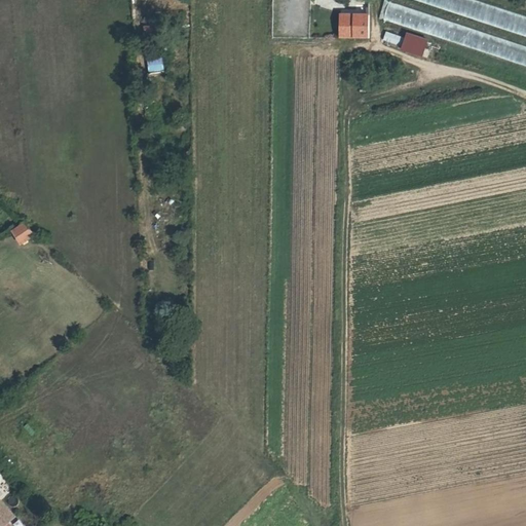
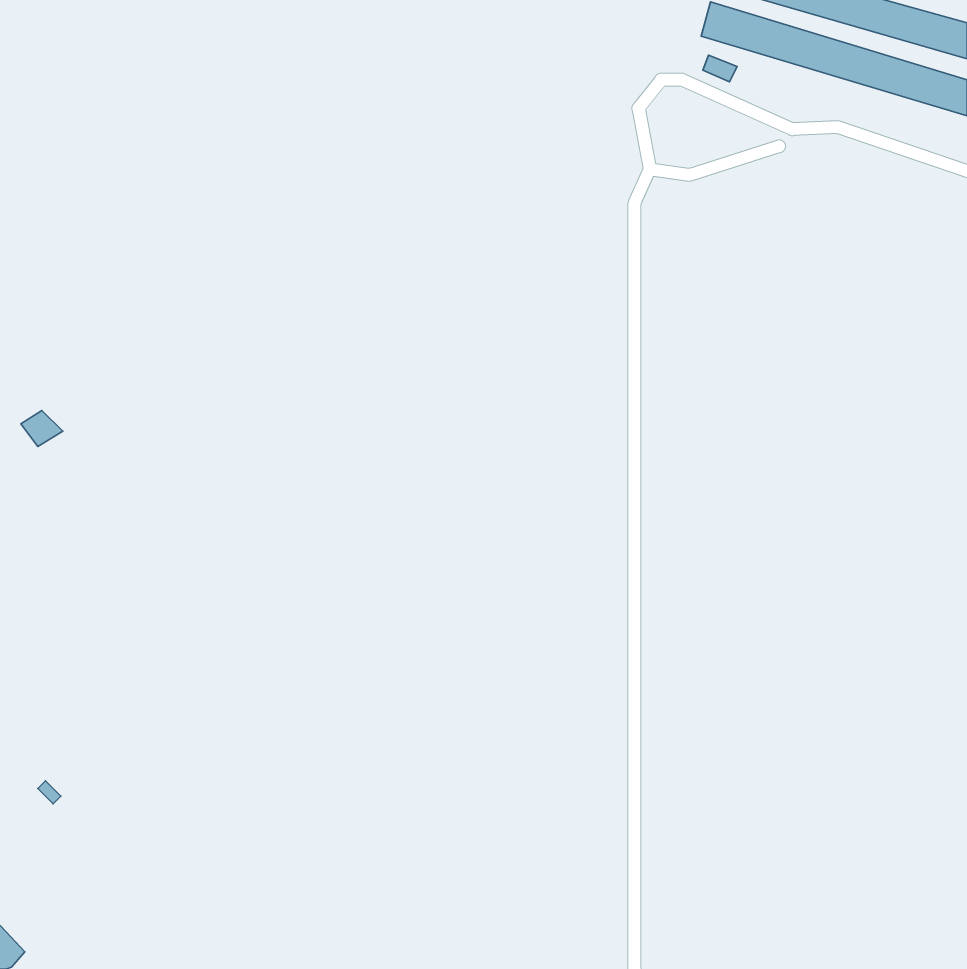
building: [340,13,368,37] -> none
building: [400,32,425,55] -> none

